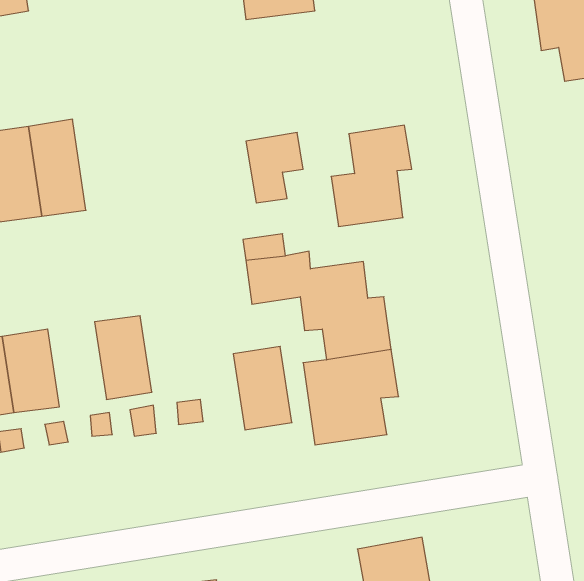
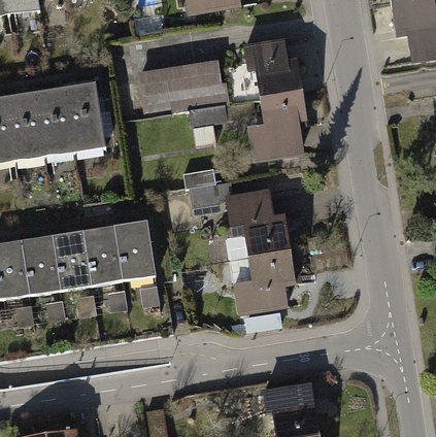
building: none -> [240,39,300,98]
building: none -> [136,61,225,110]
building: none -> [67,83,107,152]
building: none -> [49,230,91,290]
building: [233,346,292,430] -> [114,221,156,279]

